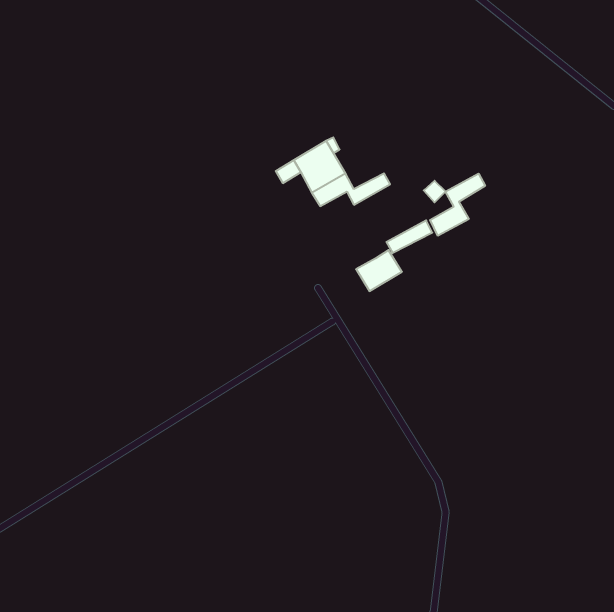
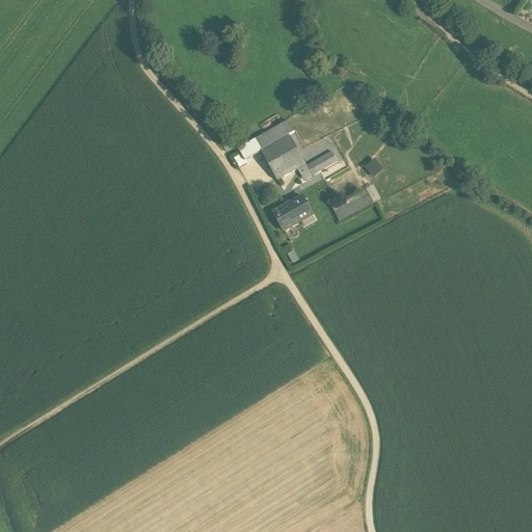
building: [430,174,485,236] -> none
building: [356,250,402,291] -> [272,193,312,229]

